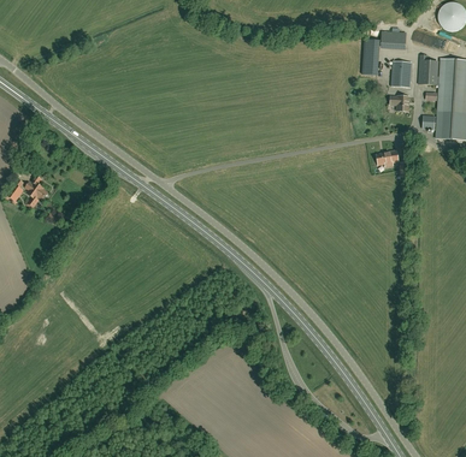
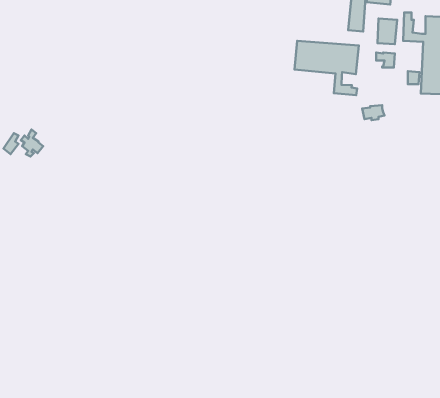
building: none -> [294,41,359,95]

